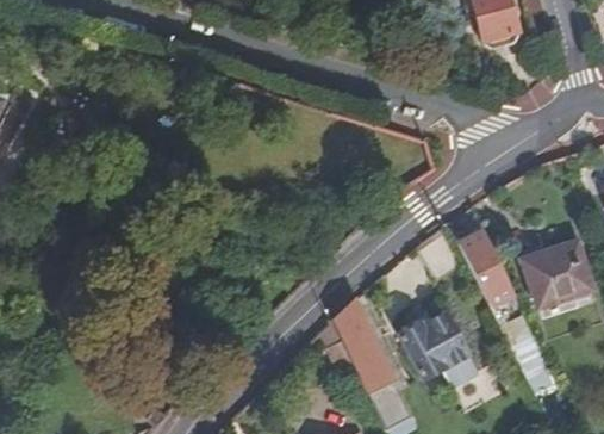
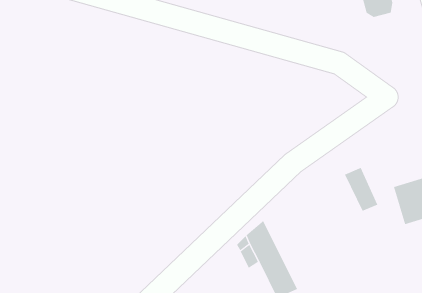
building: [399,311,474,378] -> none

